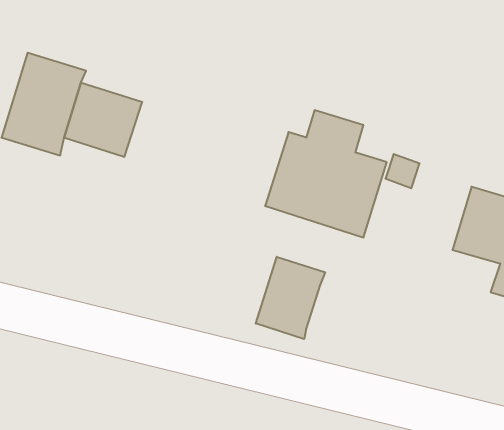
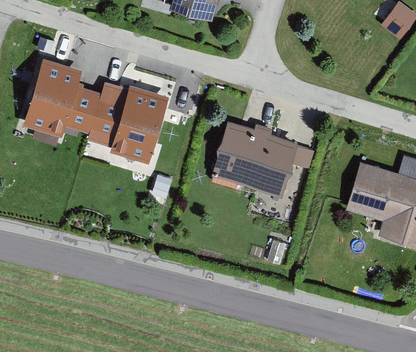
building: none -> [106,87,167,162]
building: [256,257,325,339] -> none

